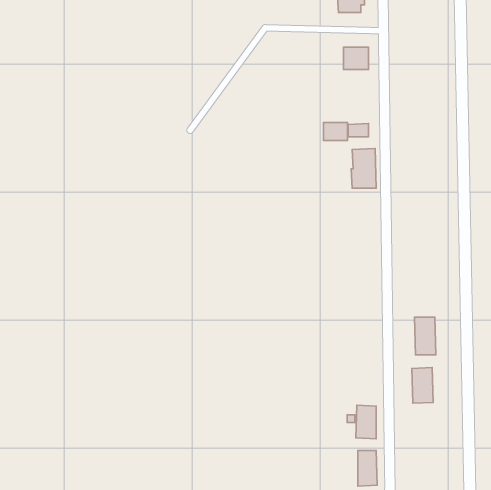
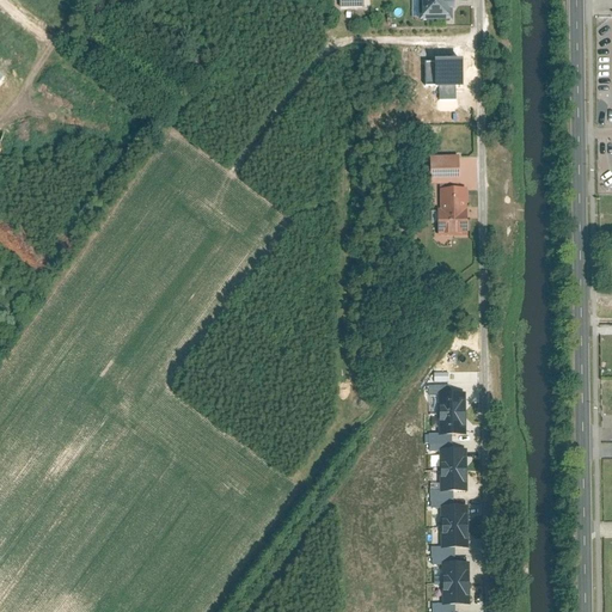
building: [323,123,348,141] -> none
building: [415,317,436,355] -> [439,388,465,435]
building: [412,368,433,403] -> [440,447,466,491]

